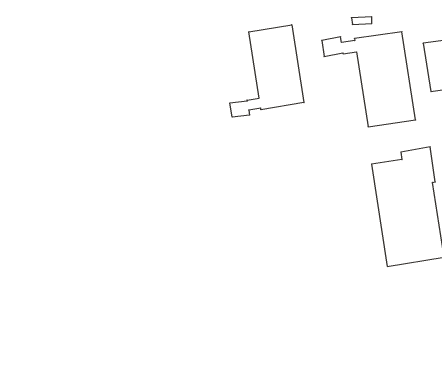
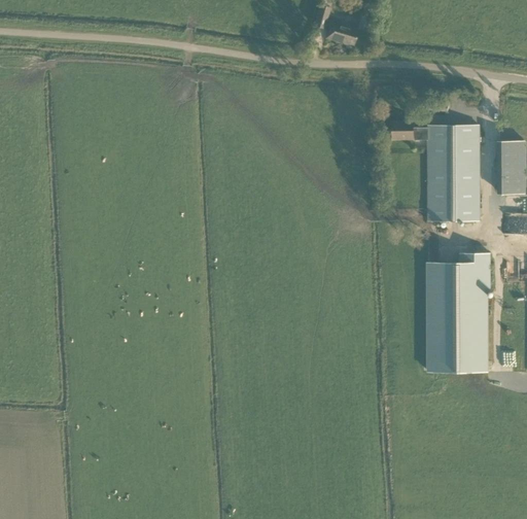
building: [230,25,304,117] -> none

